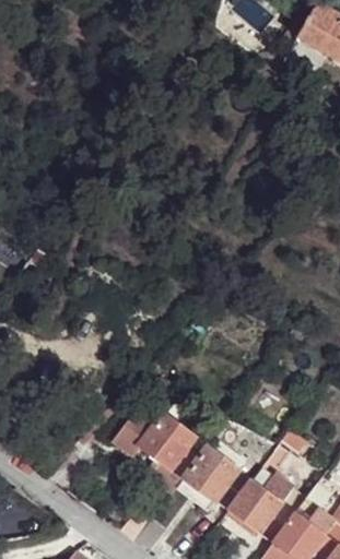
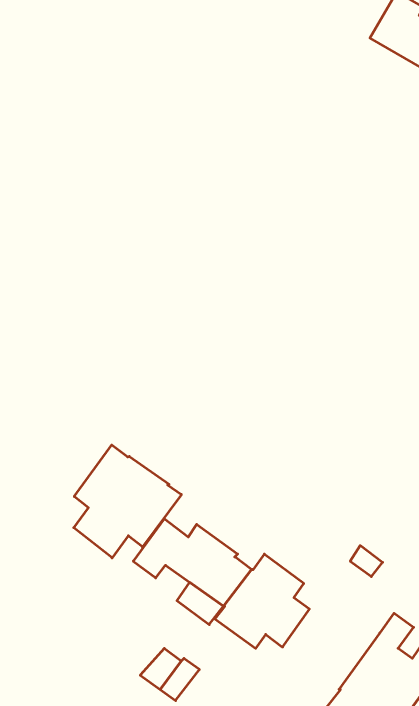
building: none -> [74,445,181,558]
building: [230,467,305,542] -> none

